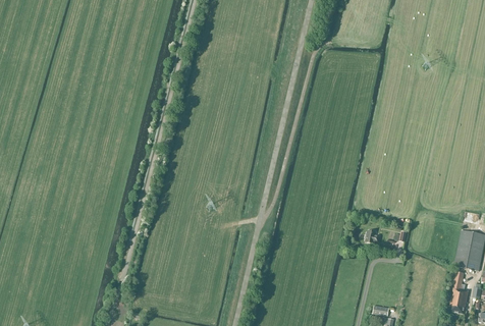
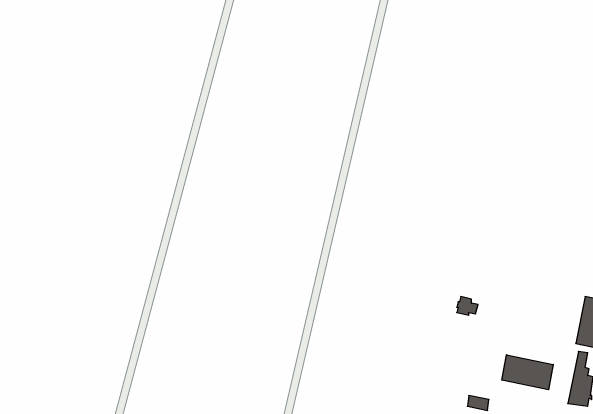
building: none -> [502,355,553,390]

